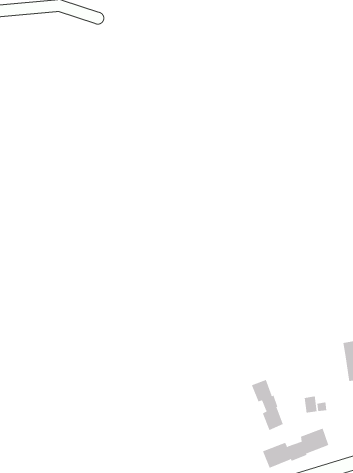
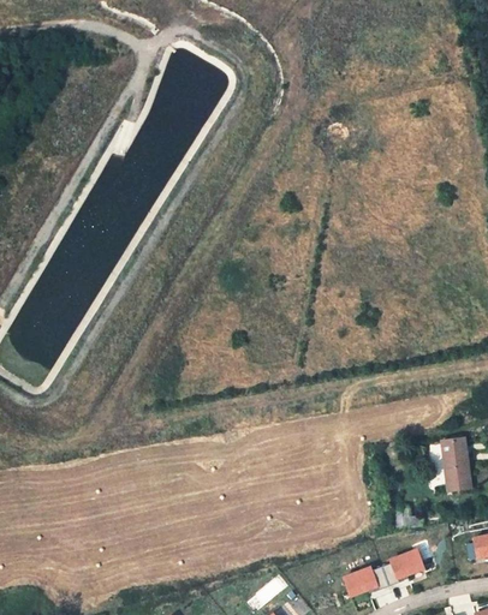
building: [251,379,284,431] -> none

